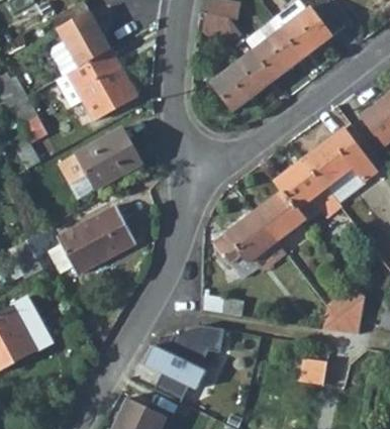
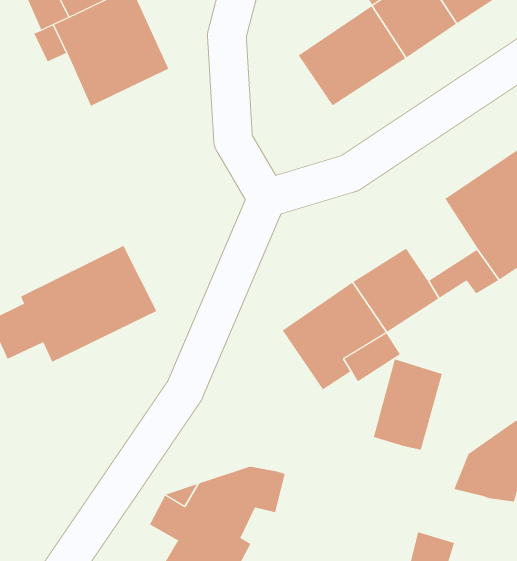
building: [58,126,140,189] -> none
building: [277,159,325,208] -> none
building: none -> [373,358,443,450]

